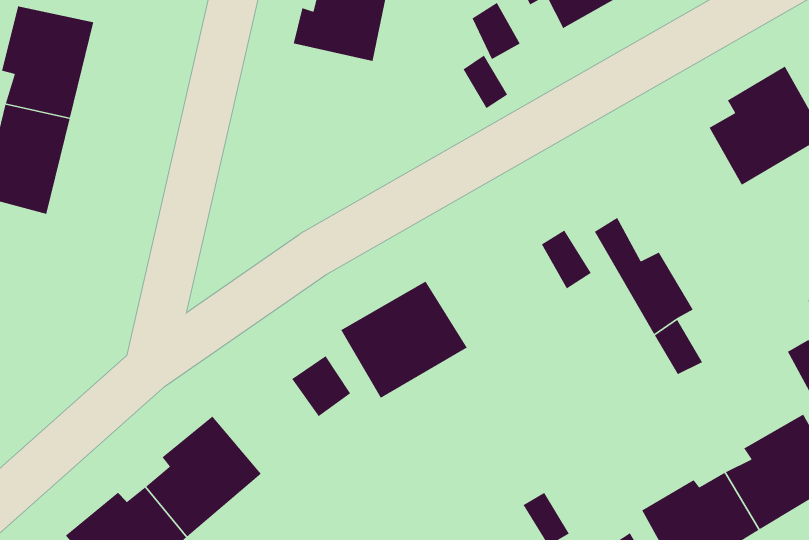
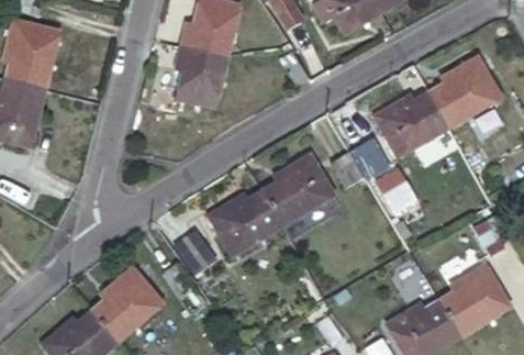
building: none -> [175,43,227,107]
building: none -> [371,93,449,160]
building: none -> [259,155,334,226]

